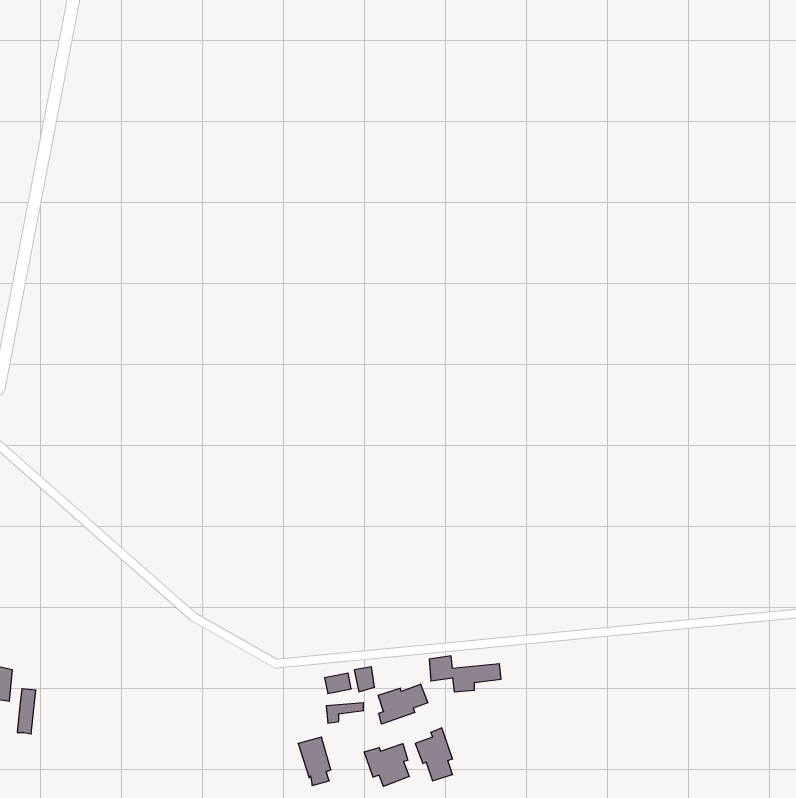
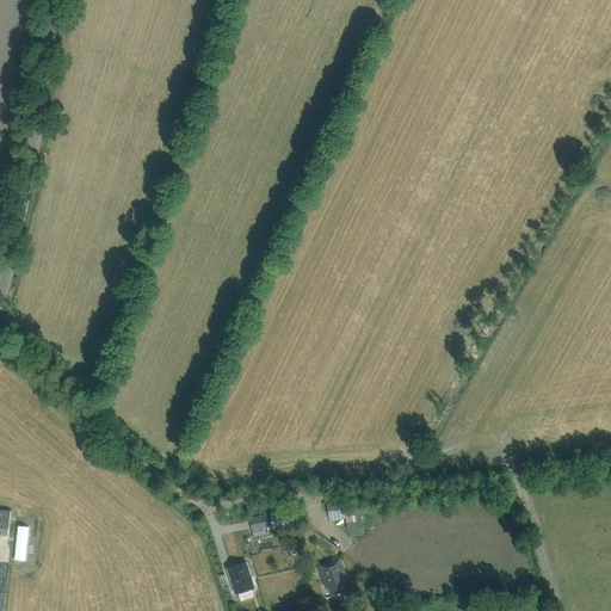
building: [378,684,428,724] -> none
building: [364,744,409,786] -> none

